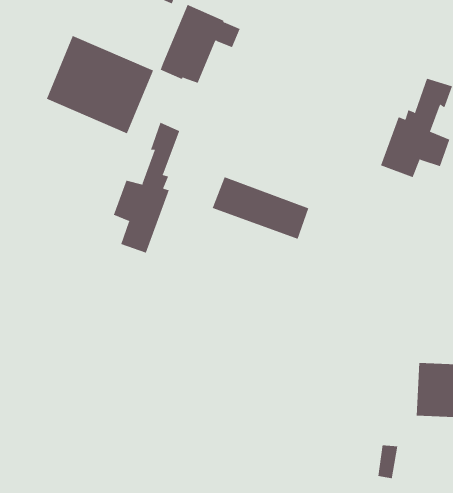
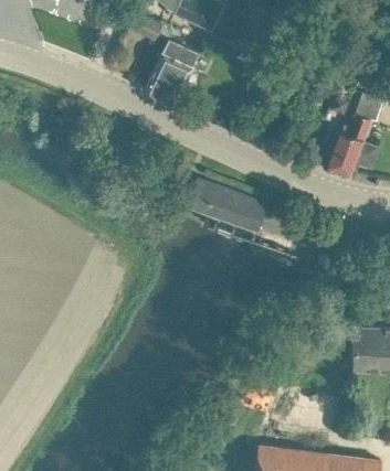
building: [46,35,154,134] -> none
building: [113,122,180,253] -> none

